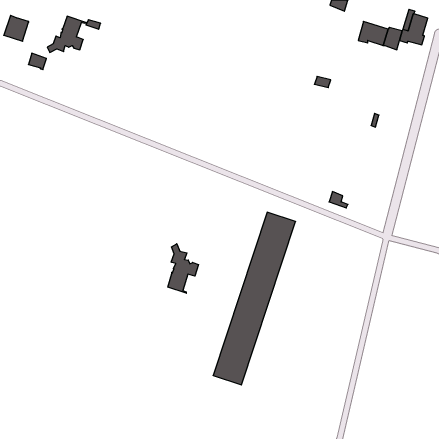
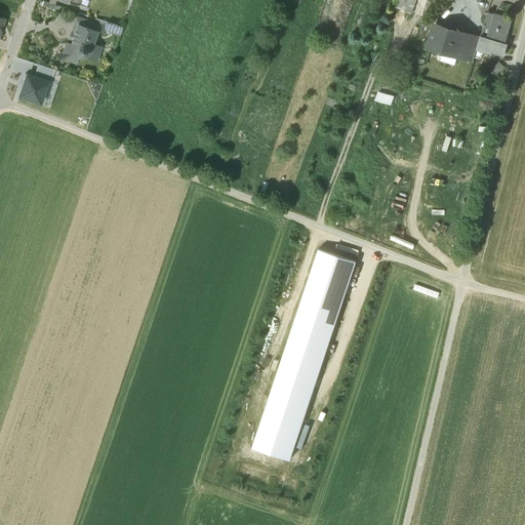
building: [4,15,29,41] -> [18,74,48,105]
building: [168,244,199,293] -> none

